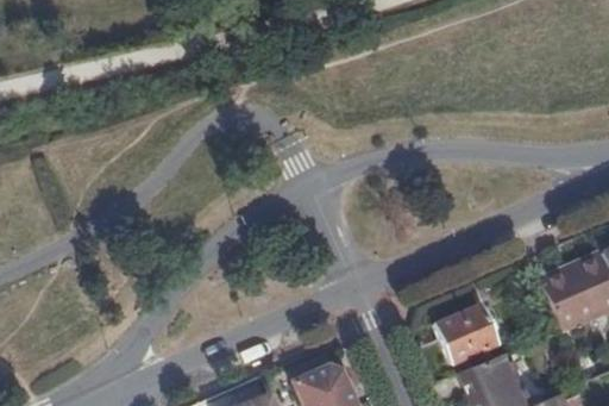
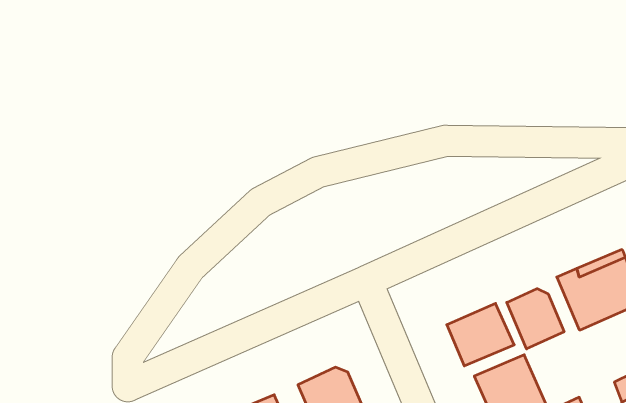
building: none -> [507,289,564,349]

